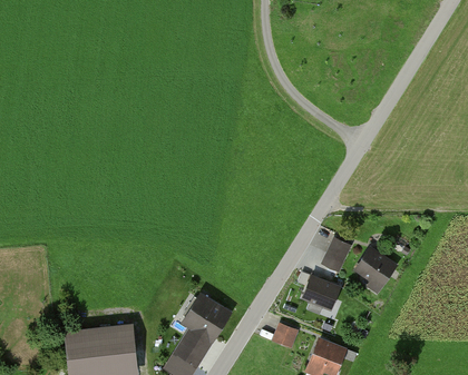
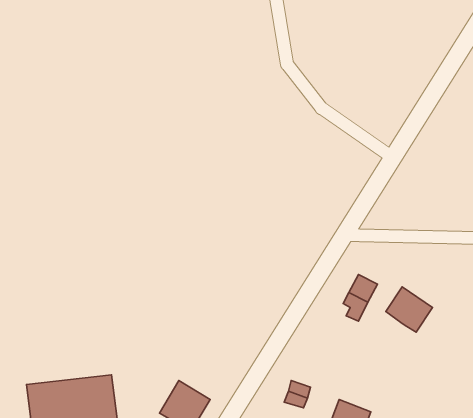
building: [301,277,339,310] -> none
building: [179,292,232,342] -> none

